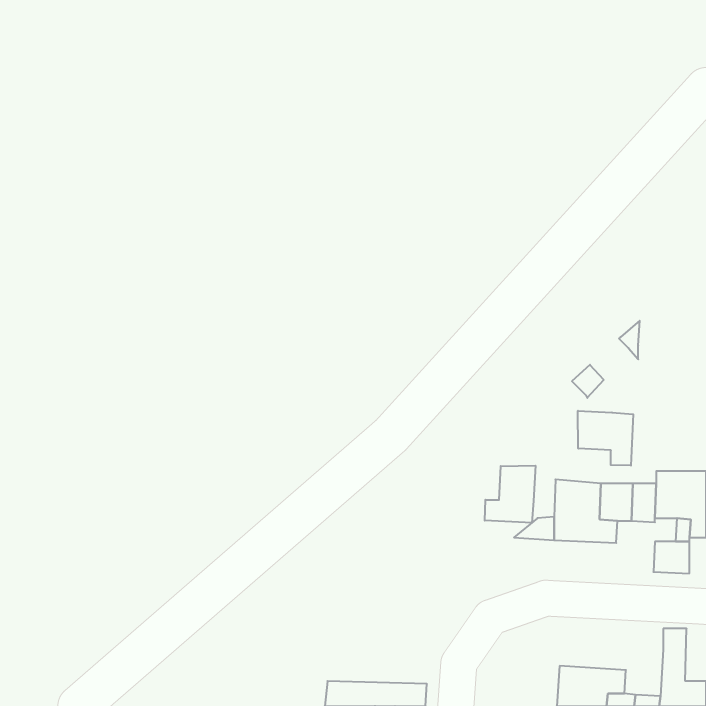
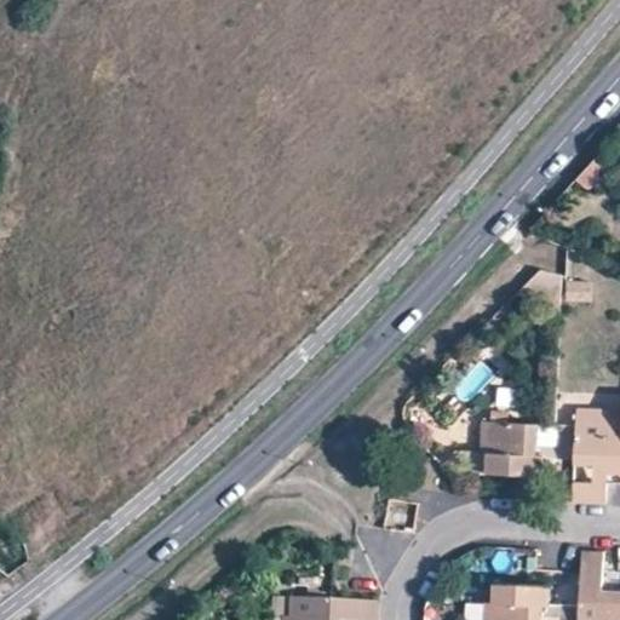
building: [578,411,633,466] -> none
building: [485,466,535,523] -> none

